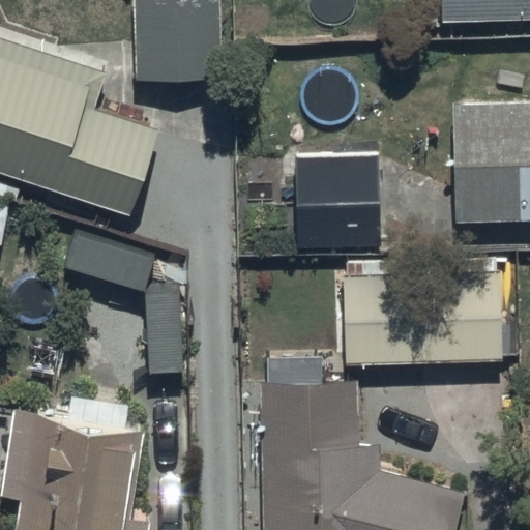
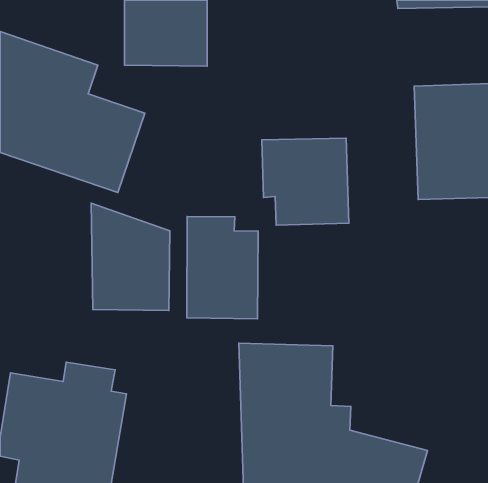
building: none -> [187,216,258,319]
building: [342,270,506,364] -> none

